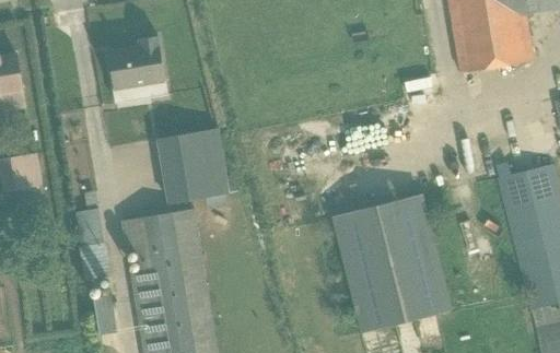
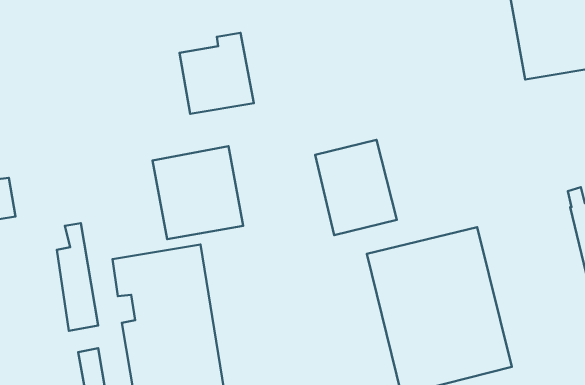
building: [106,35,167,102] -> [179,33,254,114]
building: none -> [315,140,397,235]

